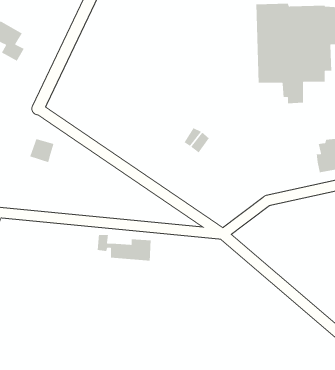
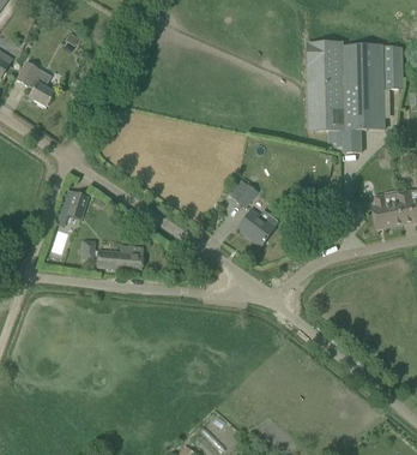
building: none -> [236,209,278,244]
building: [97,234,152,262] -> [83,240,143,270]

